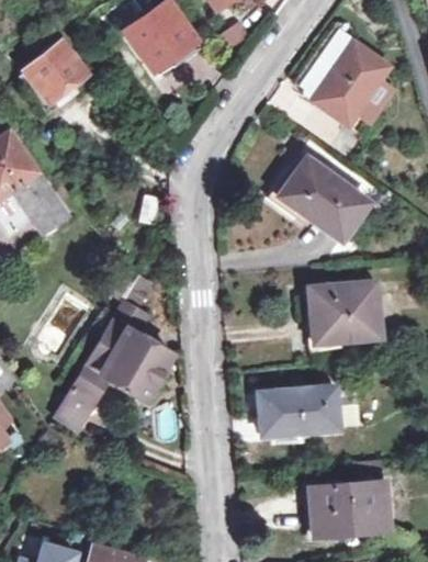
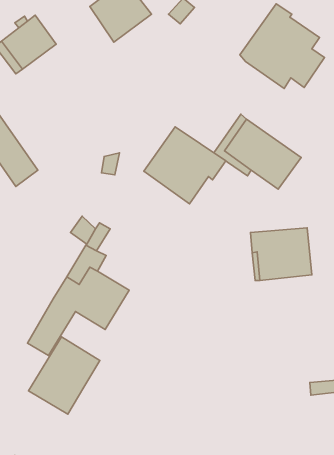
building: none -> [144,127,226,204]
building: [259,386,342,437] -> none
building: none -> [29,337,100,414]
building: [311,482,391,538] -> none

